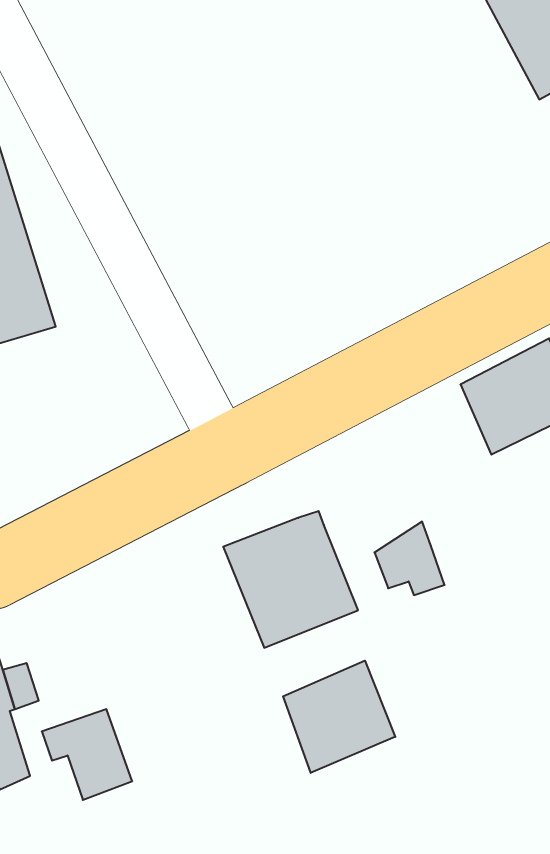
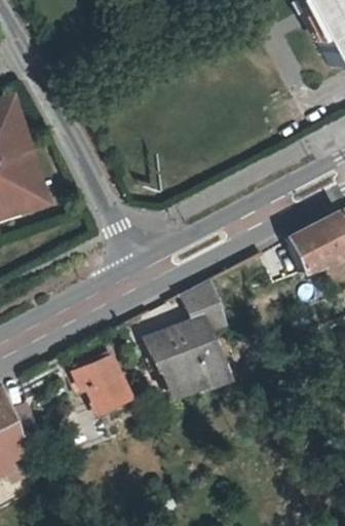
building: [374,522,445,595] -> [183,277,225,322]
building: [283,661,395,773] -> none
building: [42,709,132,800] -> [74,352,128,407]

